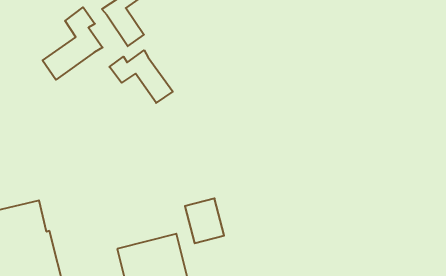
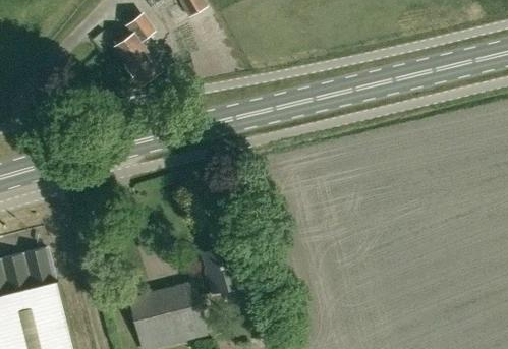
building: [43,7,103,80] -> none
building: [109,50,173,103] -> none

